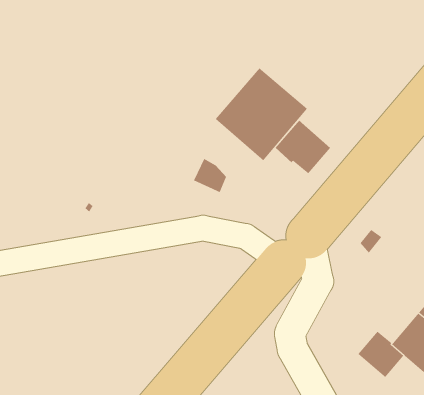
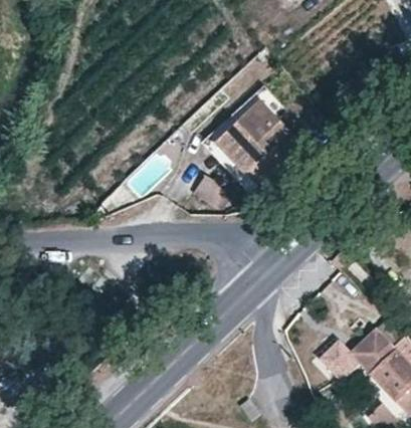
building: [275,120,331,174] -> none

